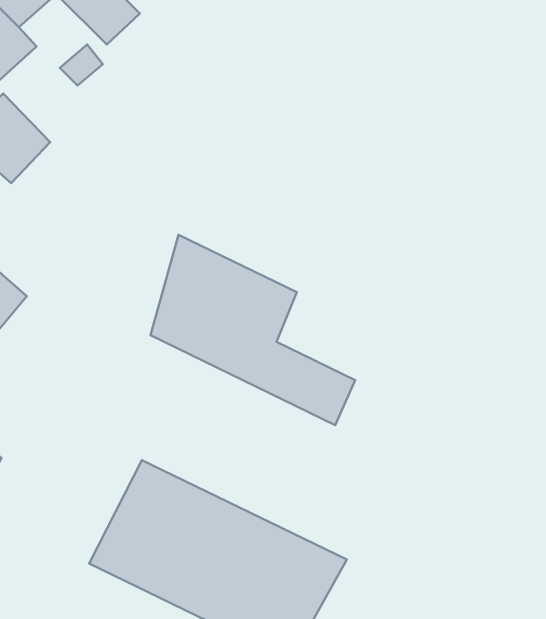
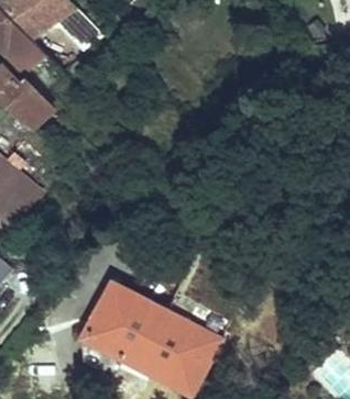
building: [150,235,355,425] -> none

